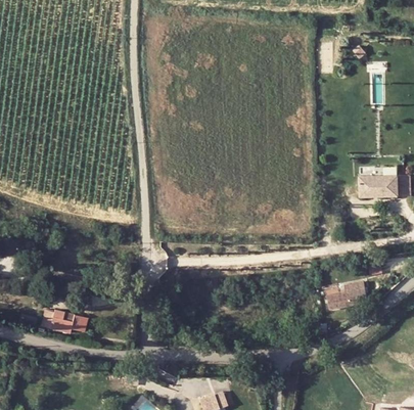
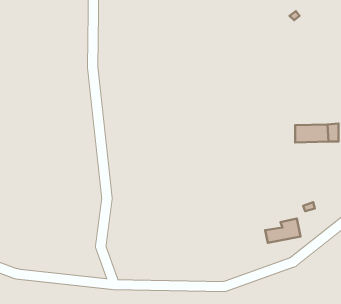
building: [40,308,88,332] -> none

